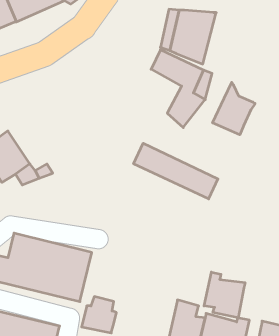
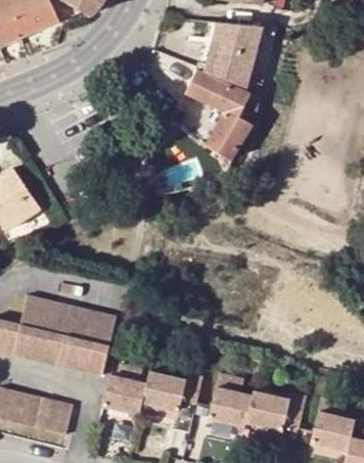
building: [213,82,255,135] -> none
building: [134,143,218,199] -> none
building: [204,272,245,318] -> none
building: none -> [141,370,201,411]

